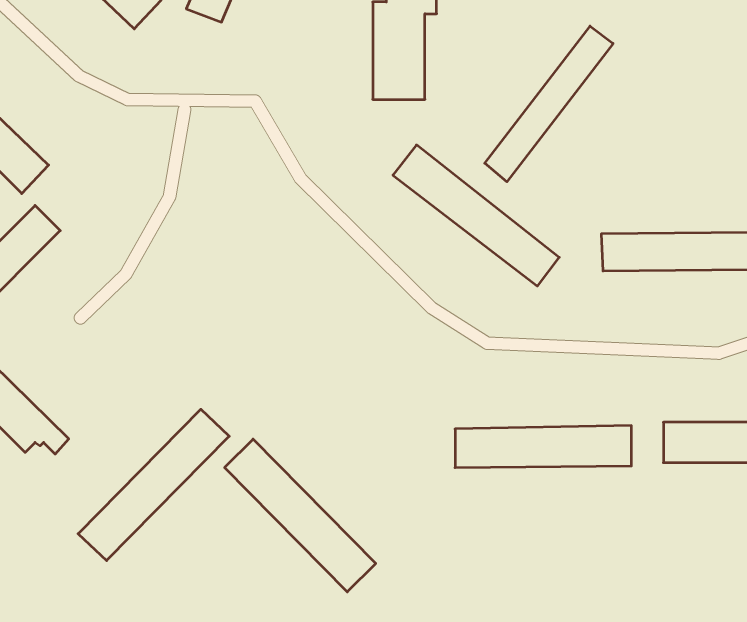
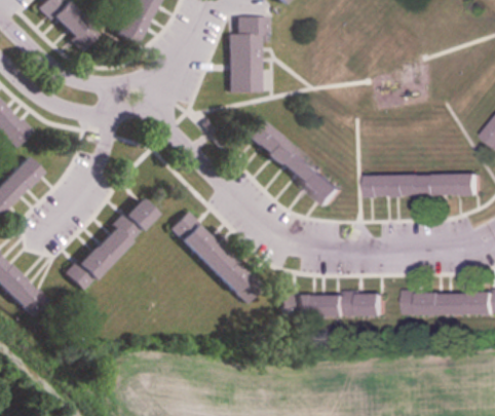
building: [485,26,613,182] -> none
building: [78,409,229,561] -> [66,197,158,290]
building: [225,439,376,592] -> [172,212,264,305]

